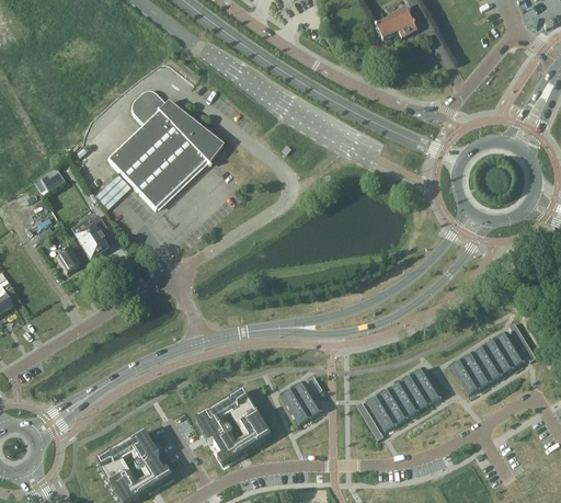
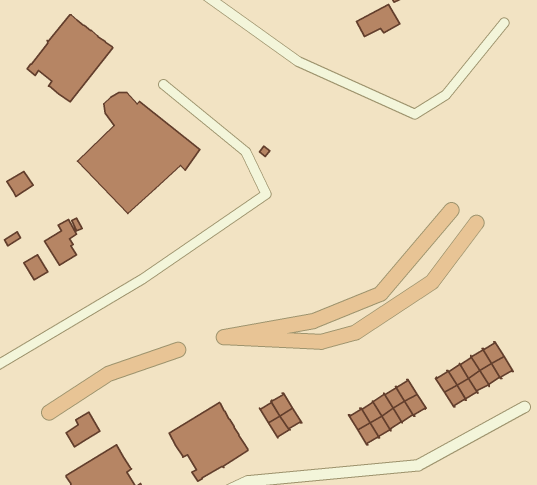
building: none -> [27,15,113,102]
building: none -> [66,412,100,447]

